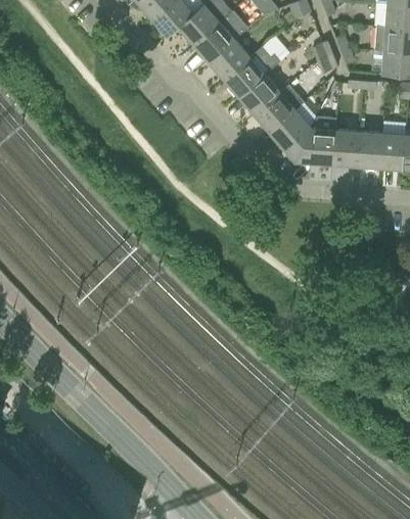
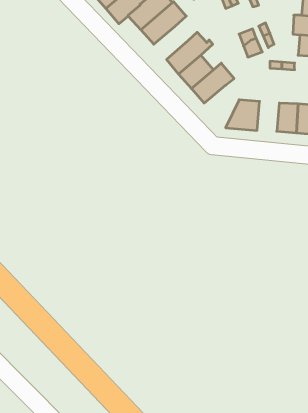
building: [208,39,248,79] -> none
building: [268,109,310,160] -> none
building: [331,129,358,164] -> none

